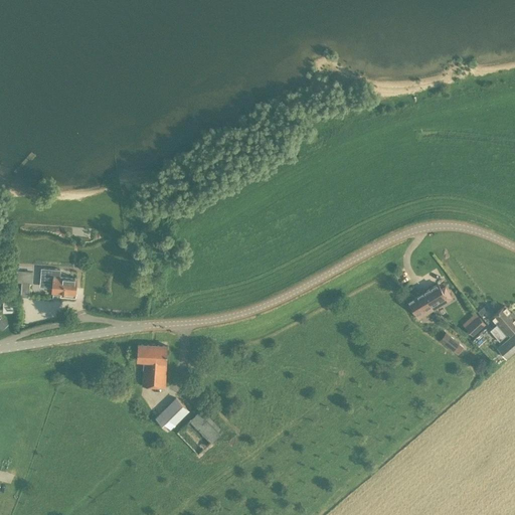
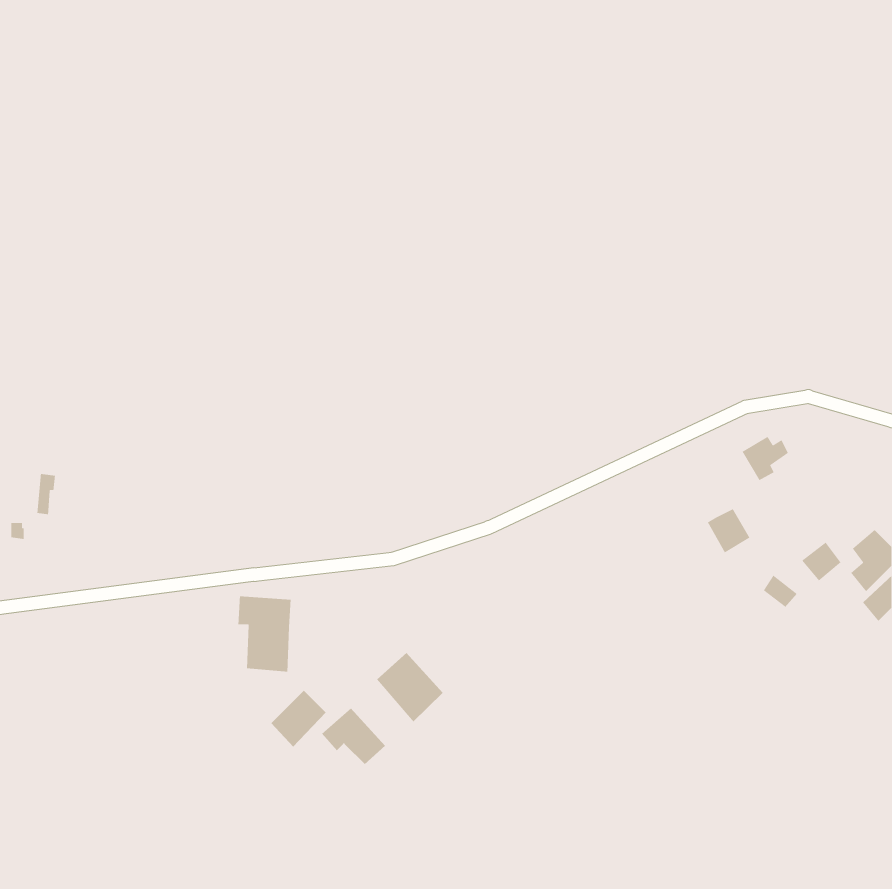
building: [40,270,77,296] -> none
building: [422,286,450,312] -> [742,436,789,481]
building: none -> [376,652,444,723]

